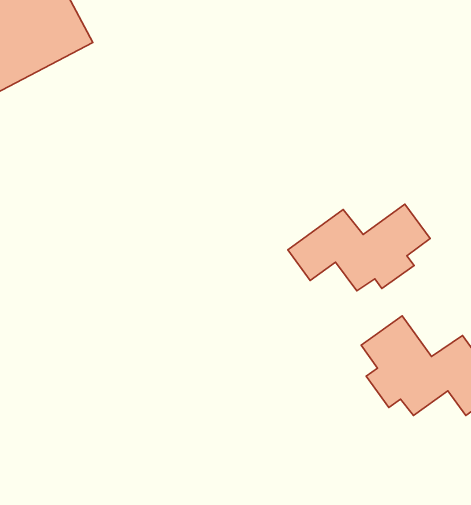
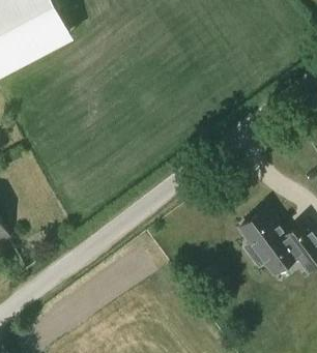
building: [288,204,430,291] -> none

